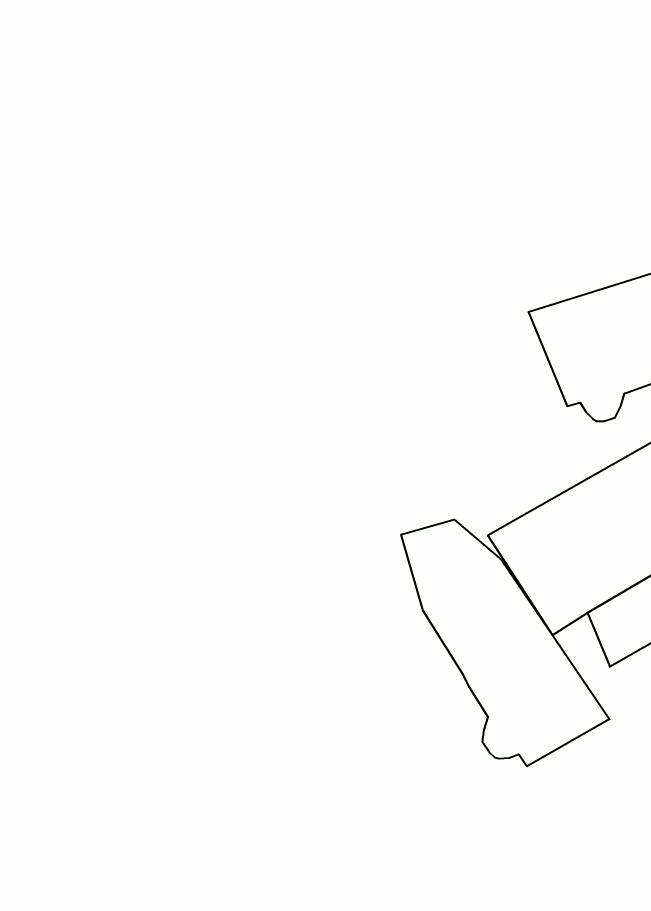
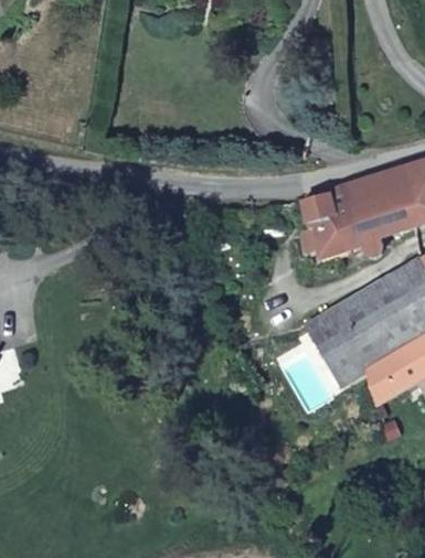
building: none -> [305,191,350,254]
building: [401,520,610,766] -> none

